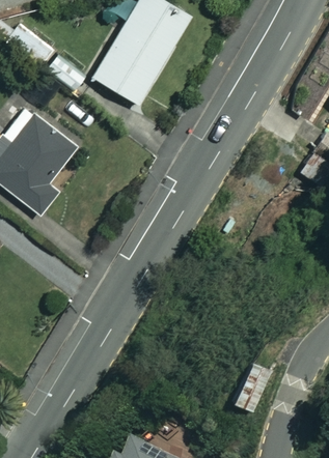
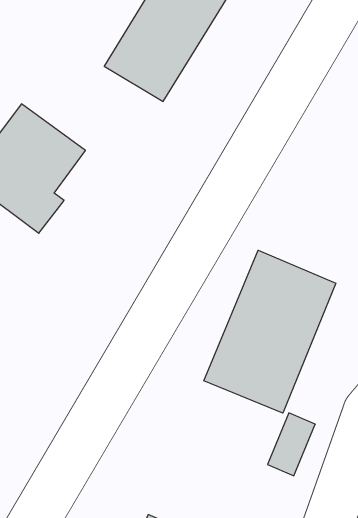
building: none -> [204,250,336,413]

